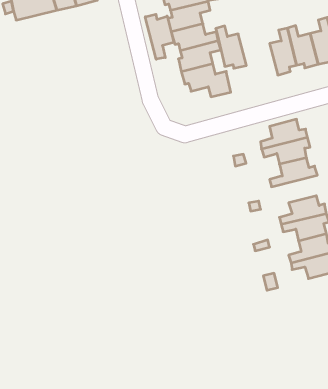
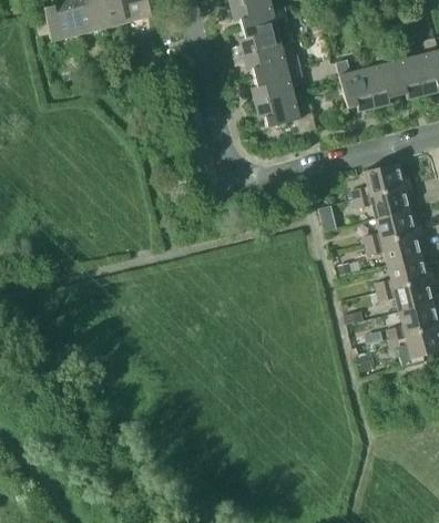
building: [145,14,174,59] -> none
building: [216,26,246,68] -> [336,59,374,111]
building: none -> [366,230,425,265]

